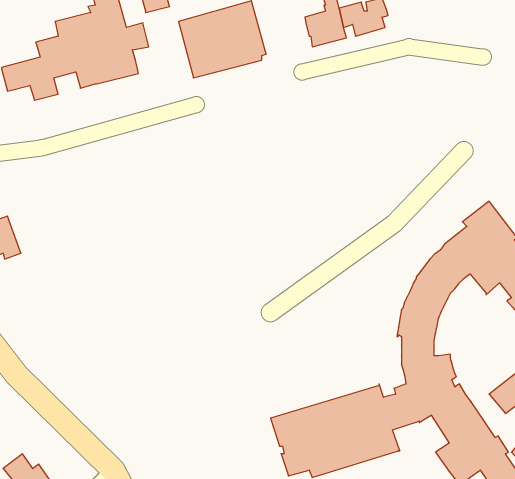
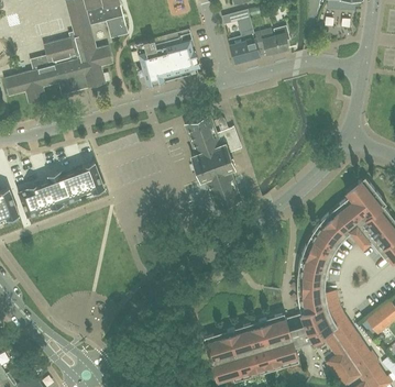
building: none -> [186,115,241,209]
building: none -> [18,162,105,217]

